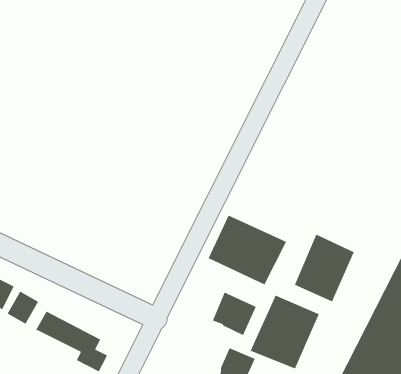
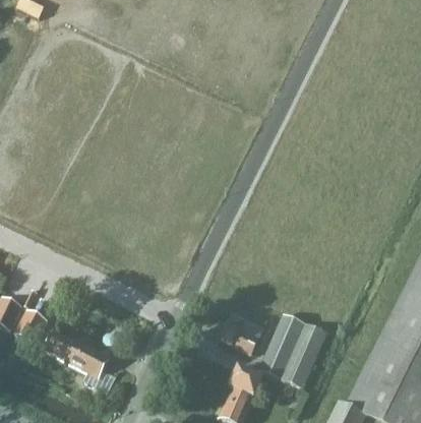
building: [207,215,287,285] -> none
building: [294,234,355,302] -> none

